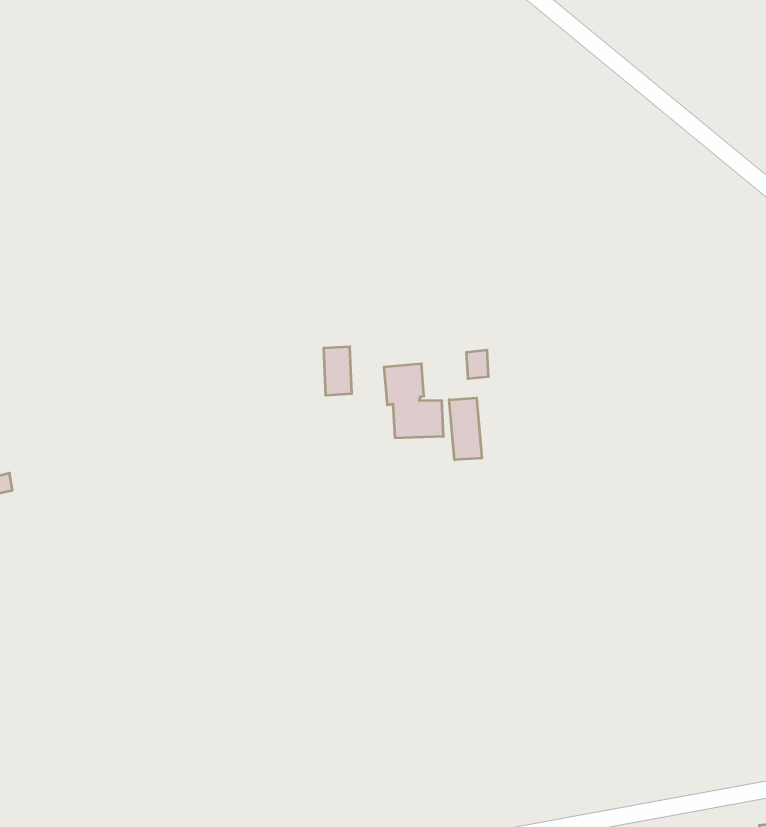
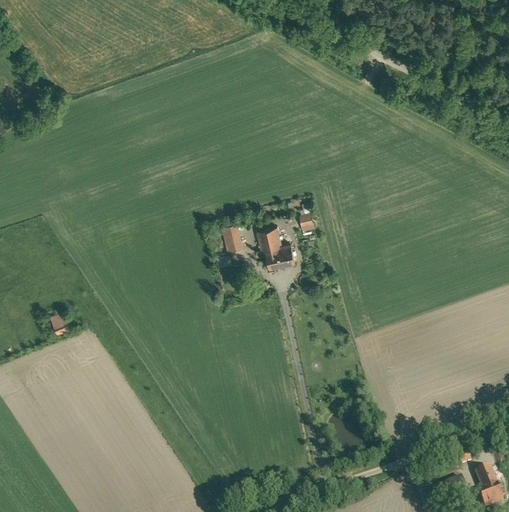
building: [449,398,482,460] -> none

